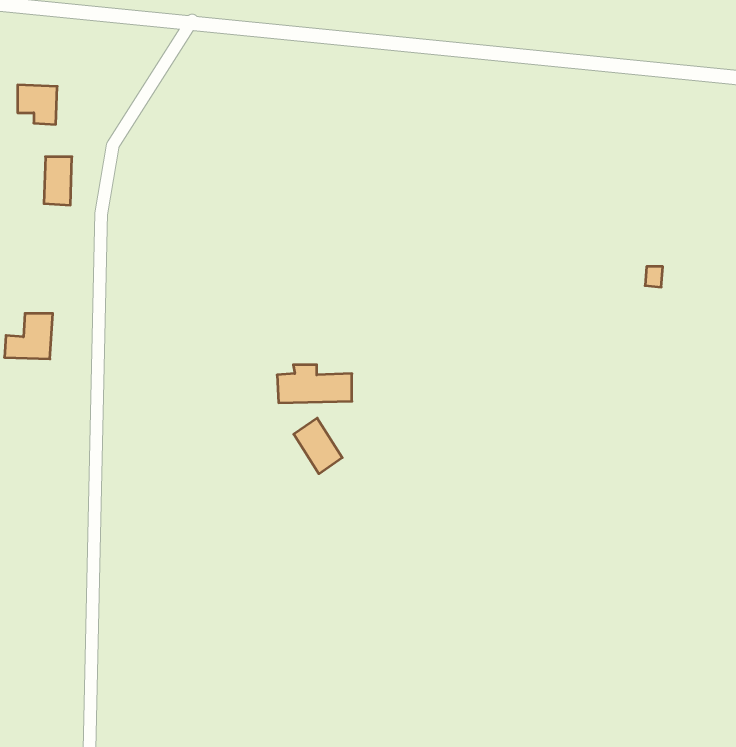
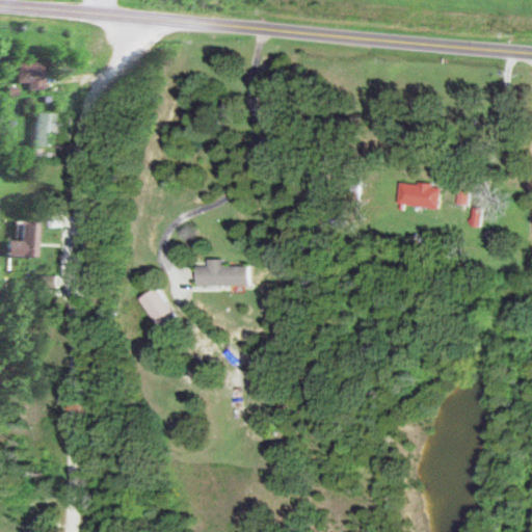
building: none -> [398,182,443,209]
building: [294,418,342,474] -> [141,289,176,328]

